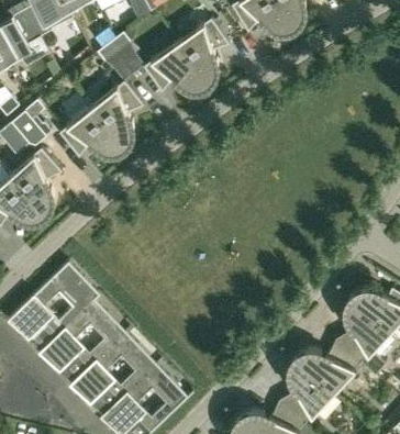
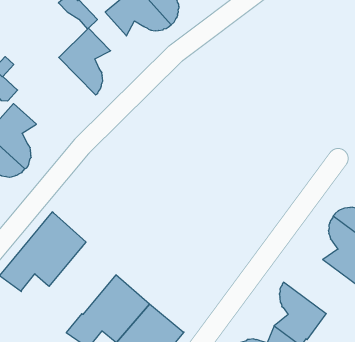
building: [59,108,125,158] -> none
building: [40,301,126,371] -> none
building: [295,340,362,394] -> none

